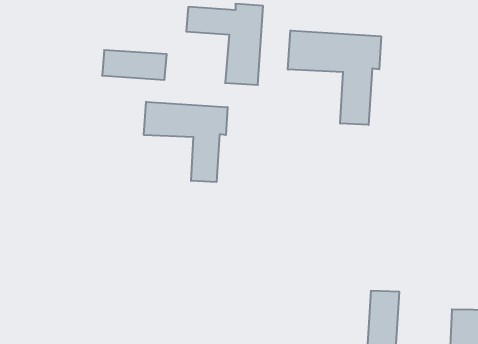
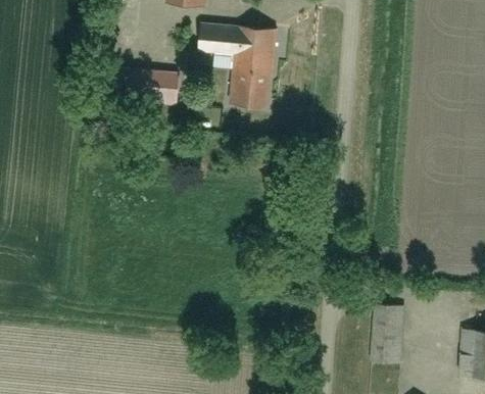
building: [288,30,381,125] -> none
building: [144,102,227,182] -> none

